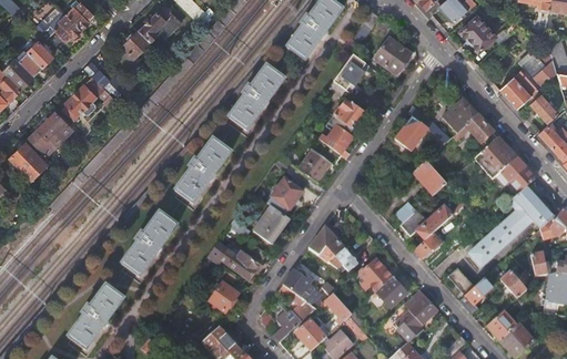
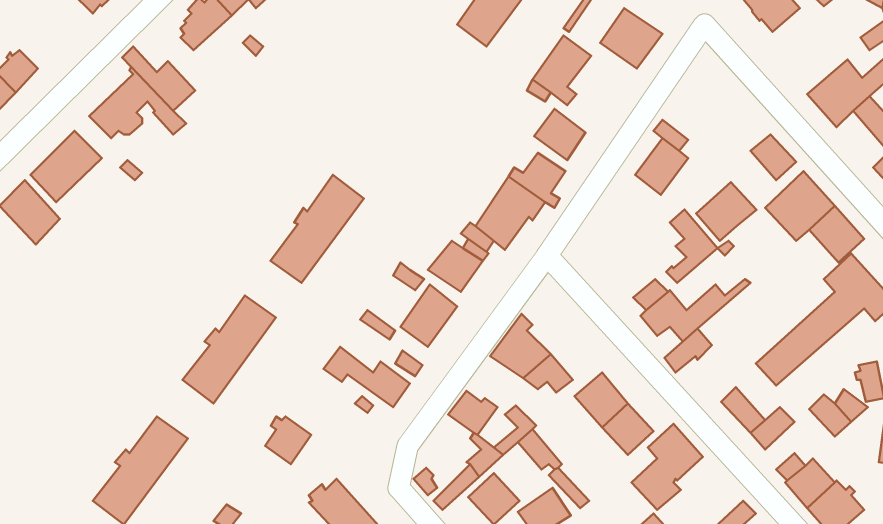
building: [19,38,53,74] -> none
building: [229,65,284,131] -> none
building: [441,98,477,133] -> [696,182,757,241]
building: [210,283,237,311] -> [265,417,311,464]

